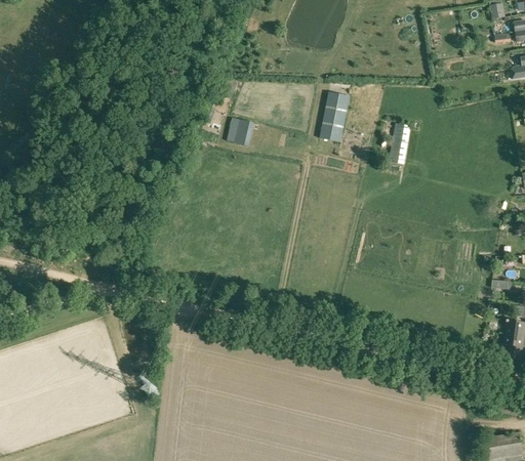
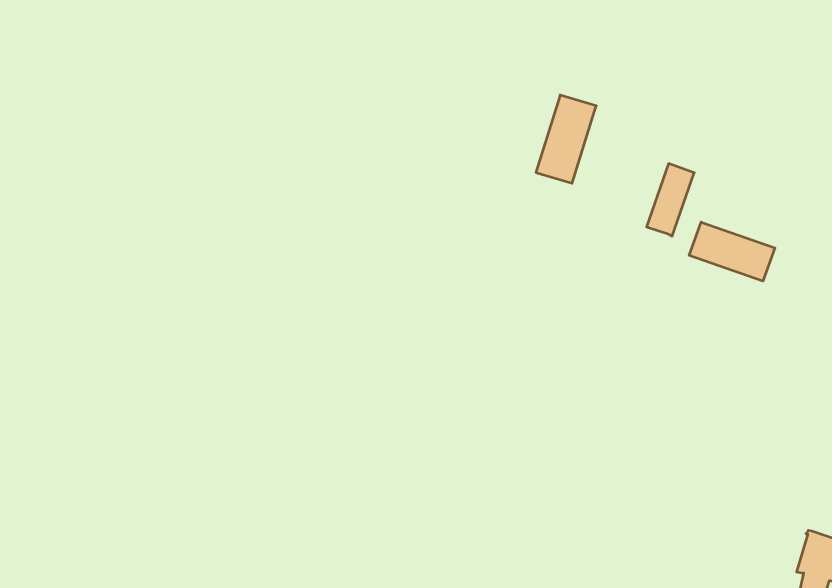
building: [227,117,253,144] -> none
building: none -> [689,222,775,281]

